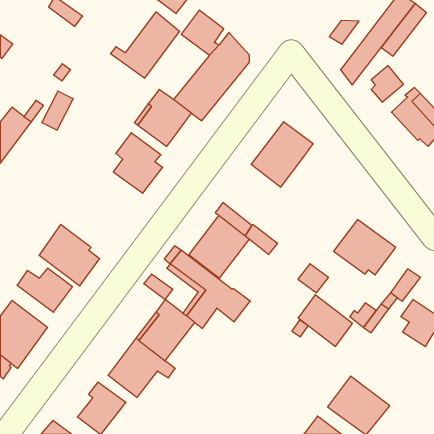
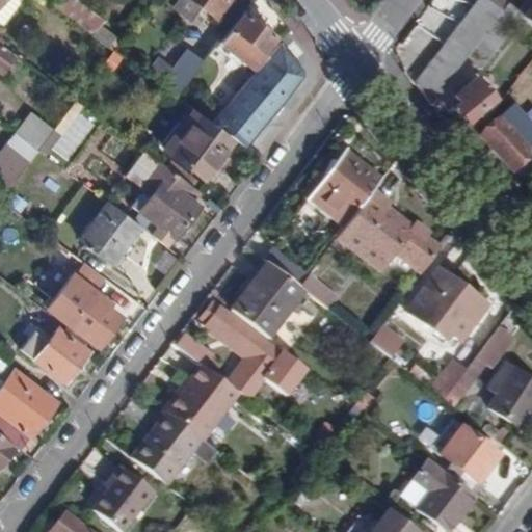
building: none -> [339,190,441,272]
building: none -> [82,201,141,264]
building: [298,295,352,347] -> [432,420,499,483]

